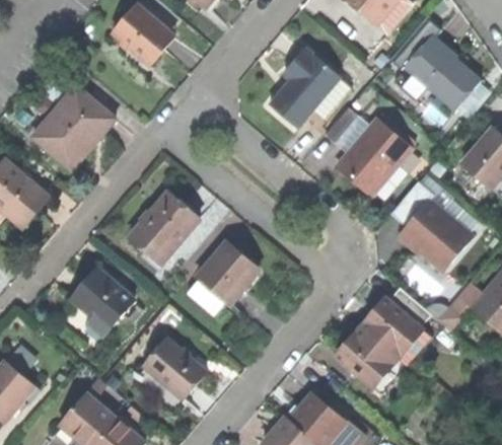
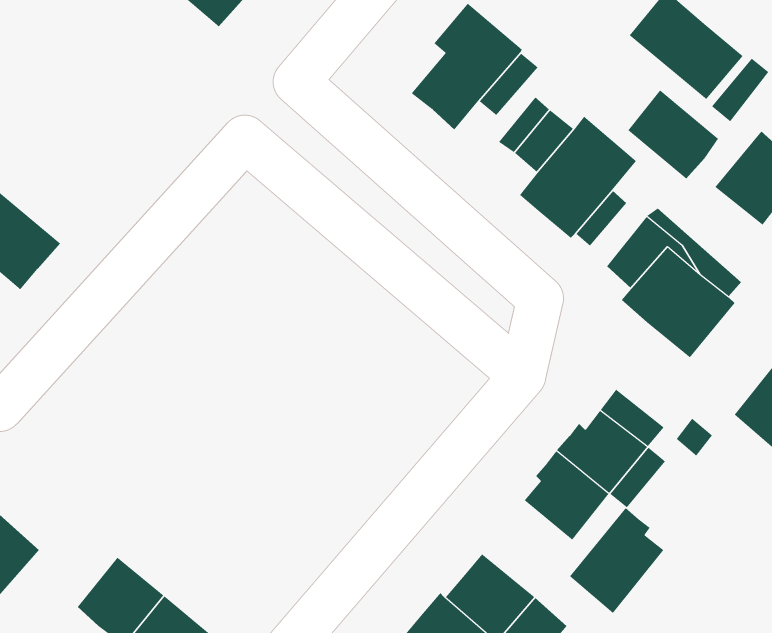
building: [38,94,115,168] -> none
building: none -> [627,90,719,179]
building: [130,194,200,265] -> none
building: [197,244,256,304] -> none
building: [70,268,129,325] -> none
building: [142,338,204,398] -> none
building: none -> [569,507,664,614]

